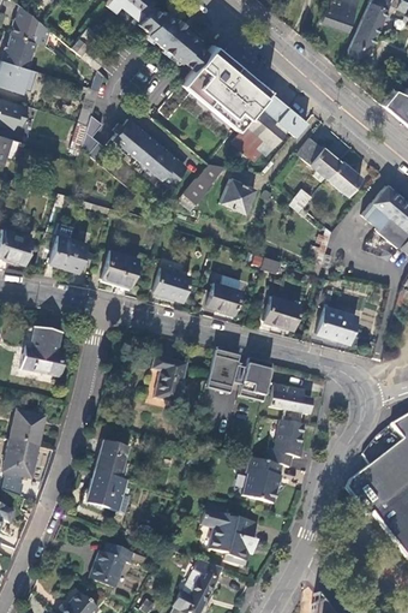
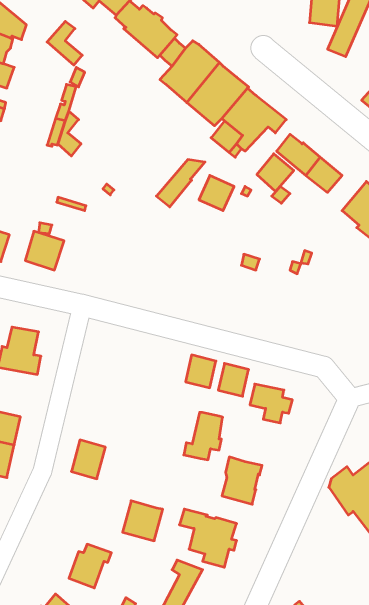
building: [112,117,184,185] -> none
building: none -> [257,154,294,192]
building: [101,249,138,286] -> none
building: [151,266,190,300] -> none
building: [206,281,240,314] -> none
building: [263,294,300,328] -> none
building: [316,305,356,344] -> none
building: [151,356,185,401] -> none
building: [265,419,304,466] -> [184,412,223,460]
building: [85,471,125,511] -> [123,501,163,541]

